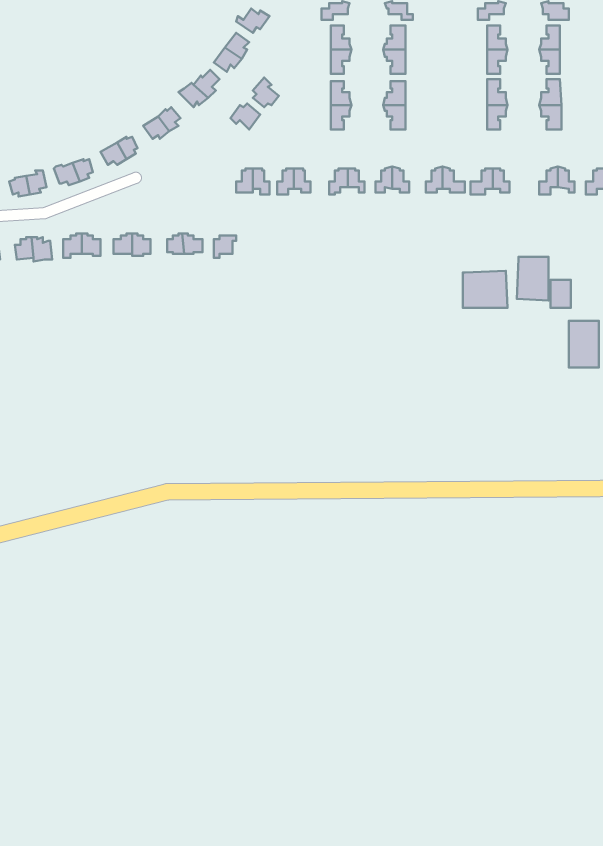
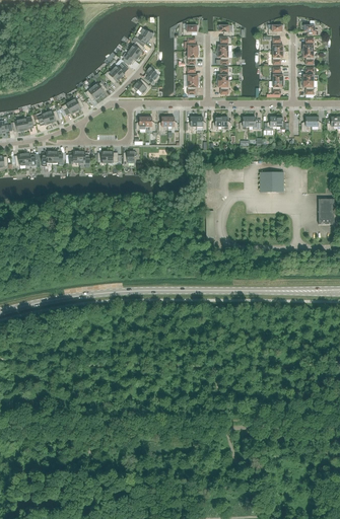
building: [517,257,548,301] -> none

